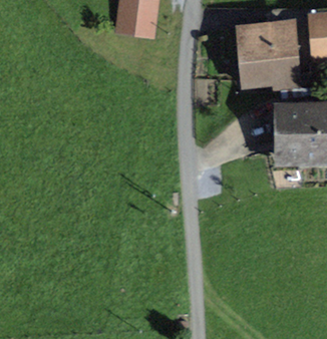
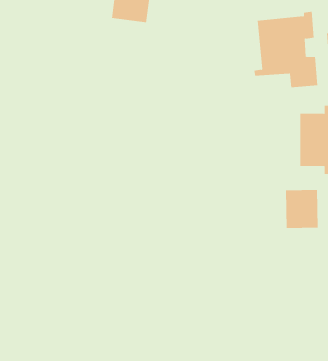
building: none -> [286,189,318,229]

